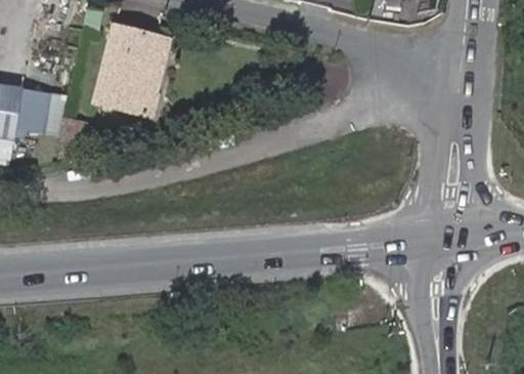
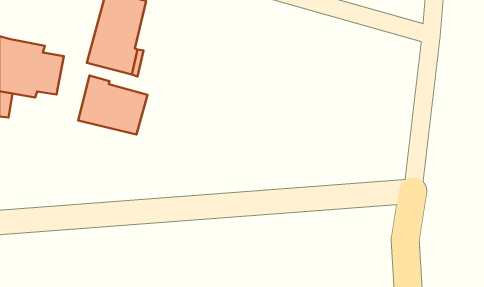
building: none -> [78,75,147,135]

